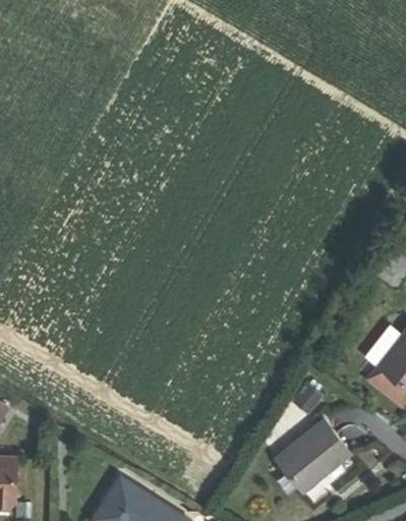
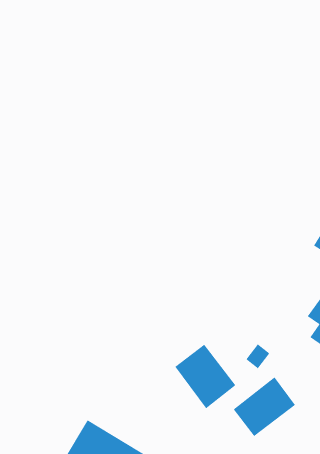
building: none -> [174,344,236,409]

